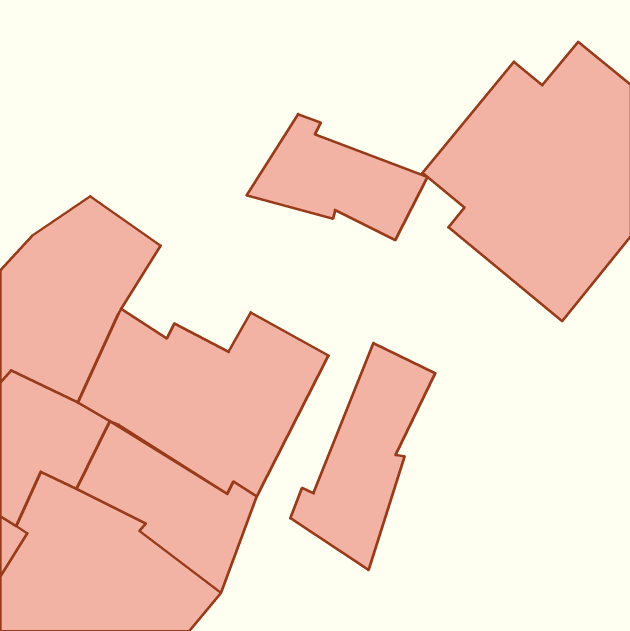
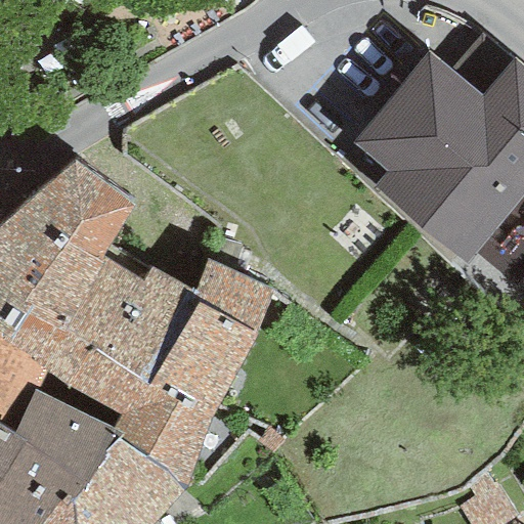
building: [247,114,427,240] -> none
building: [290,343,435,570] -> none

